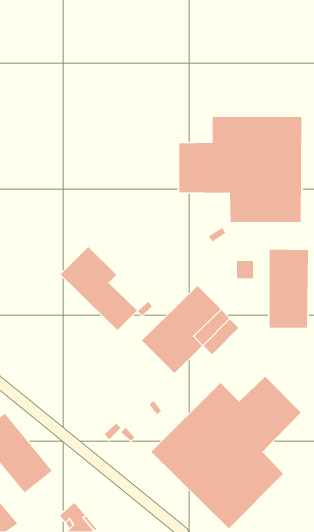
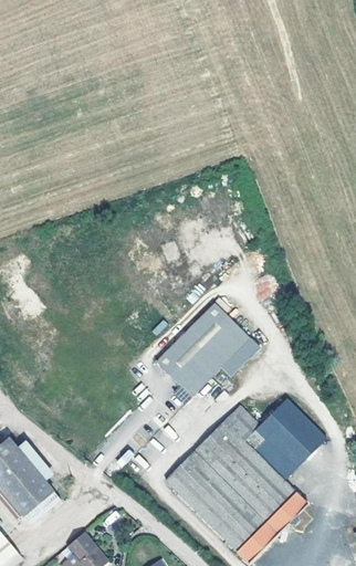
building: [179,116,302,223] -> none
building: [60,246,138,331] -> none
building: [269,249,309,329] -> none

